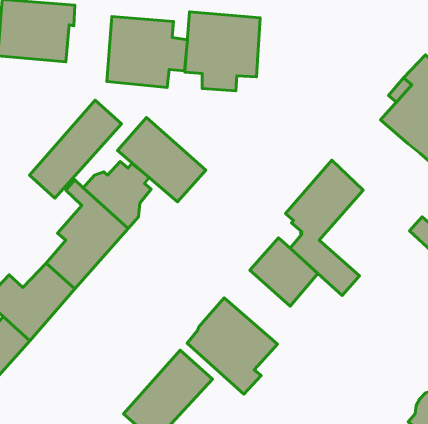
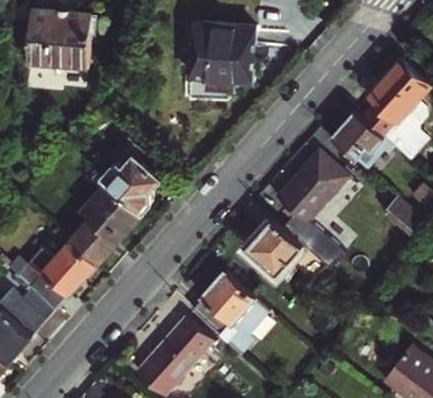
building: [107,16,187,88] -> none
building: [29,100,121,198] -> none
building: none -> [330,111,394,168]
building: [117,117,206,202] -> none

